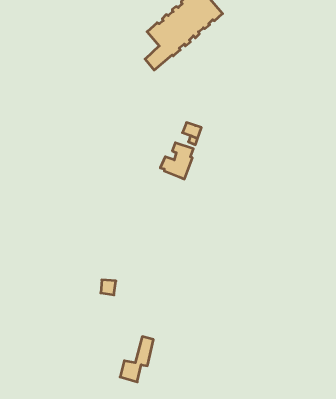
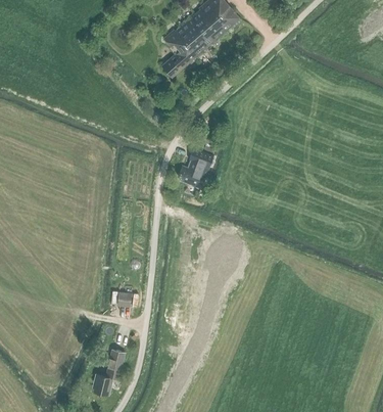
building: [120,337,153,382] -> [91,349,125,395]

